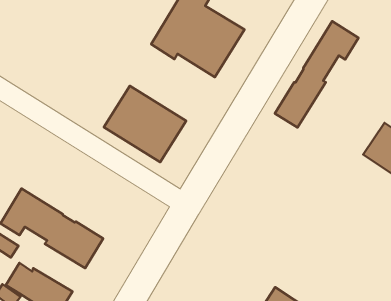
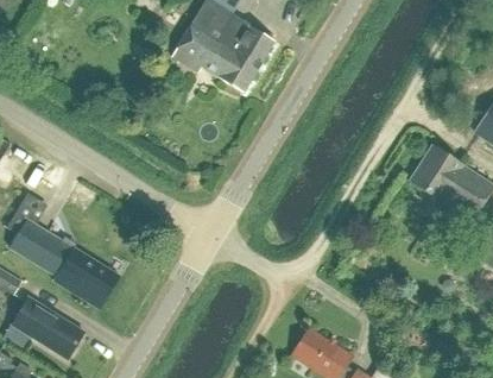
building: [275,21,359,128] -> none
building: [104,86,186,162] -> none

